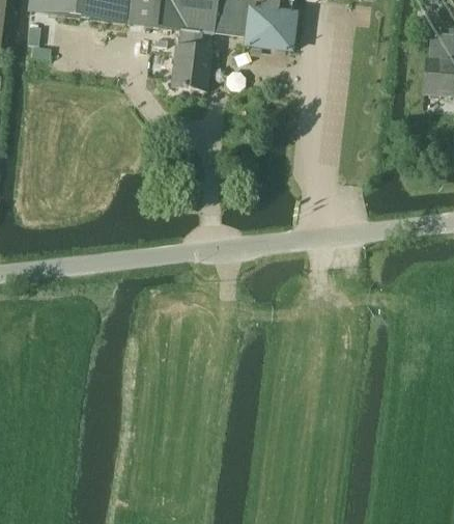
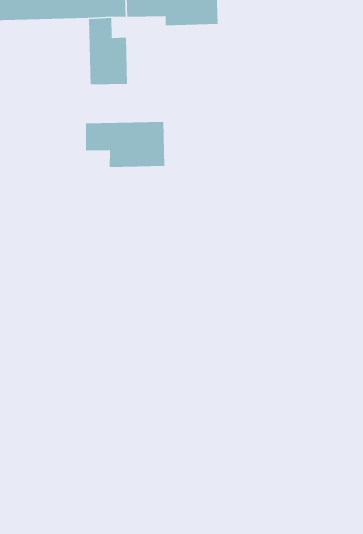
building: none -> [85,121,165,168]

